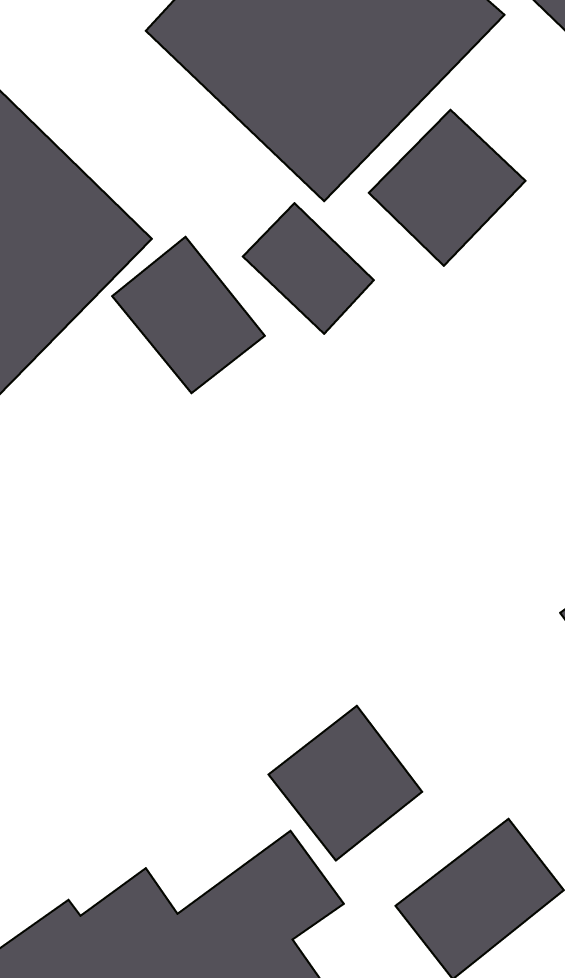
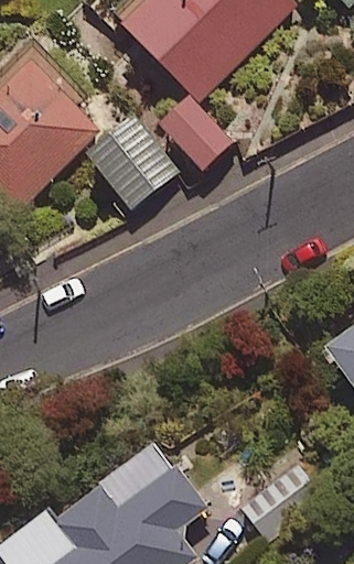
building: [369,110,526,266] -> none
building: [268,706,422,861] -> none

